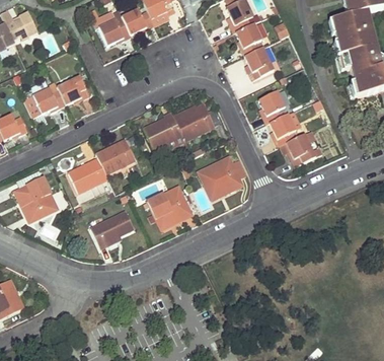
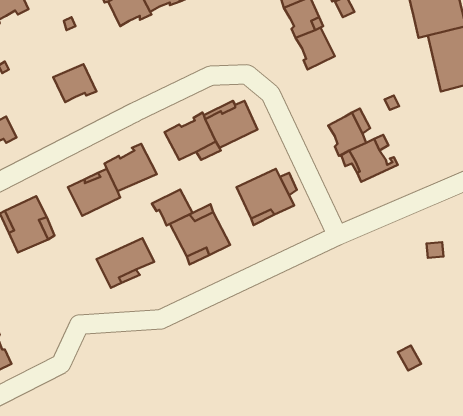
building: [23,81,66,118] -> none
building: [258,89,286,123] -> none
building: none -> [152,190,192,225]

